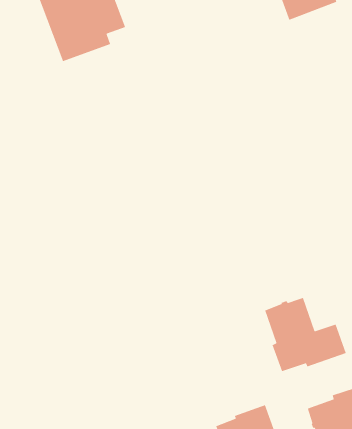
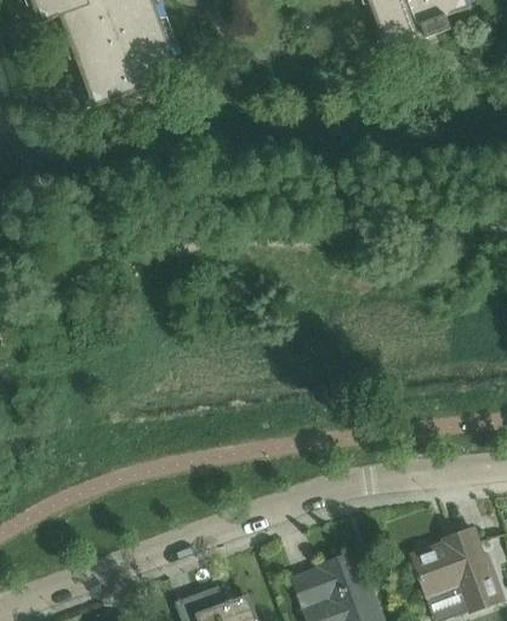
building: [264,296,347,372] -> none

